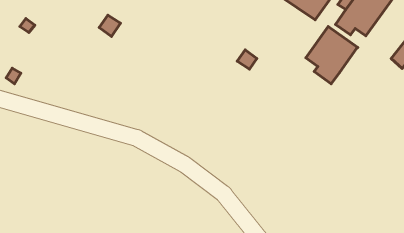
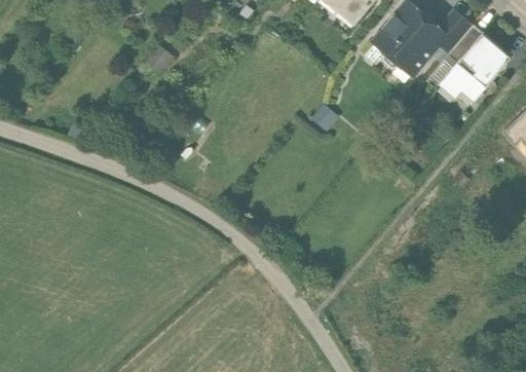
building: [306,26,358,84] -> none

